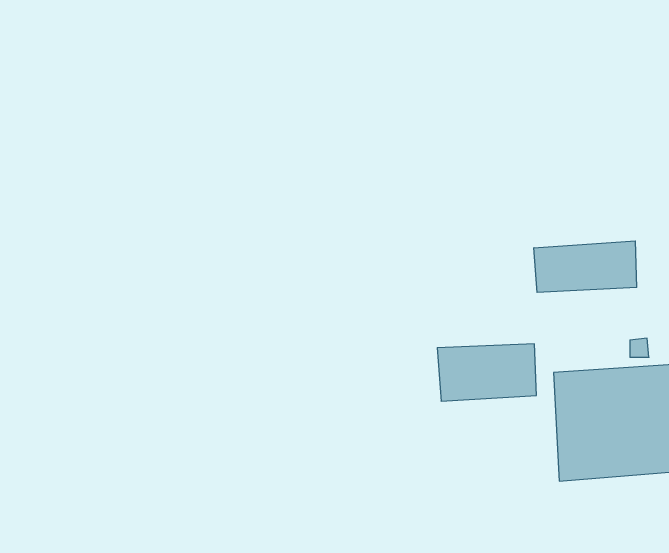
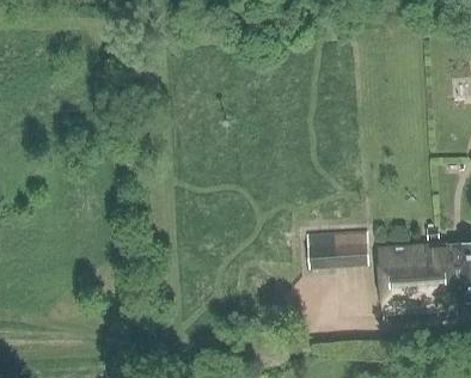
building: [534,241,637,292] -> none

